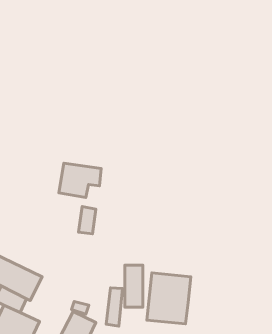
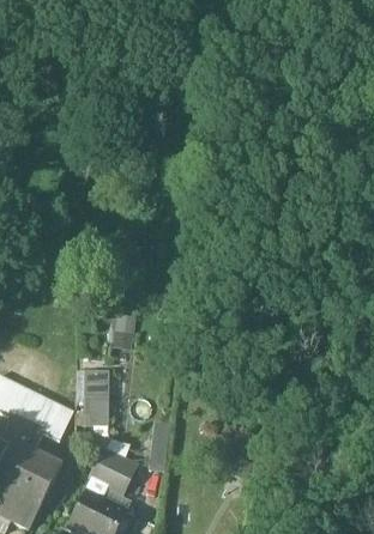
building: [59,163,101,198] -> none
building: [125,265,143,307] -> [84,371,108,426]
building: [147,273,191,324] -> none

